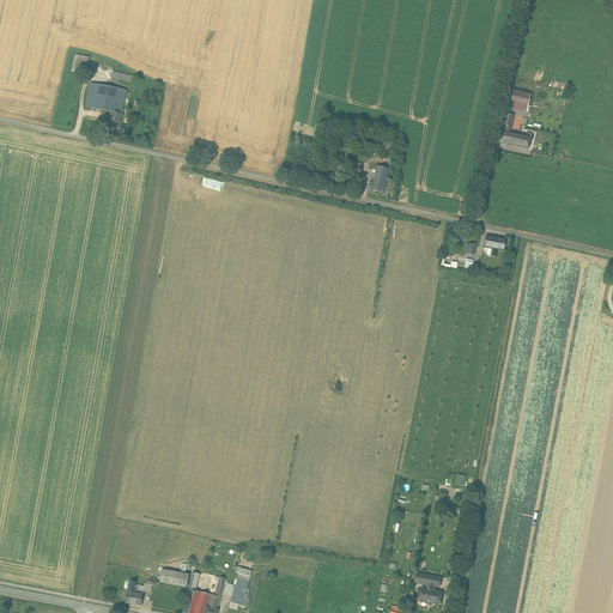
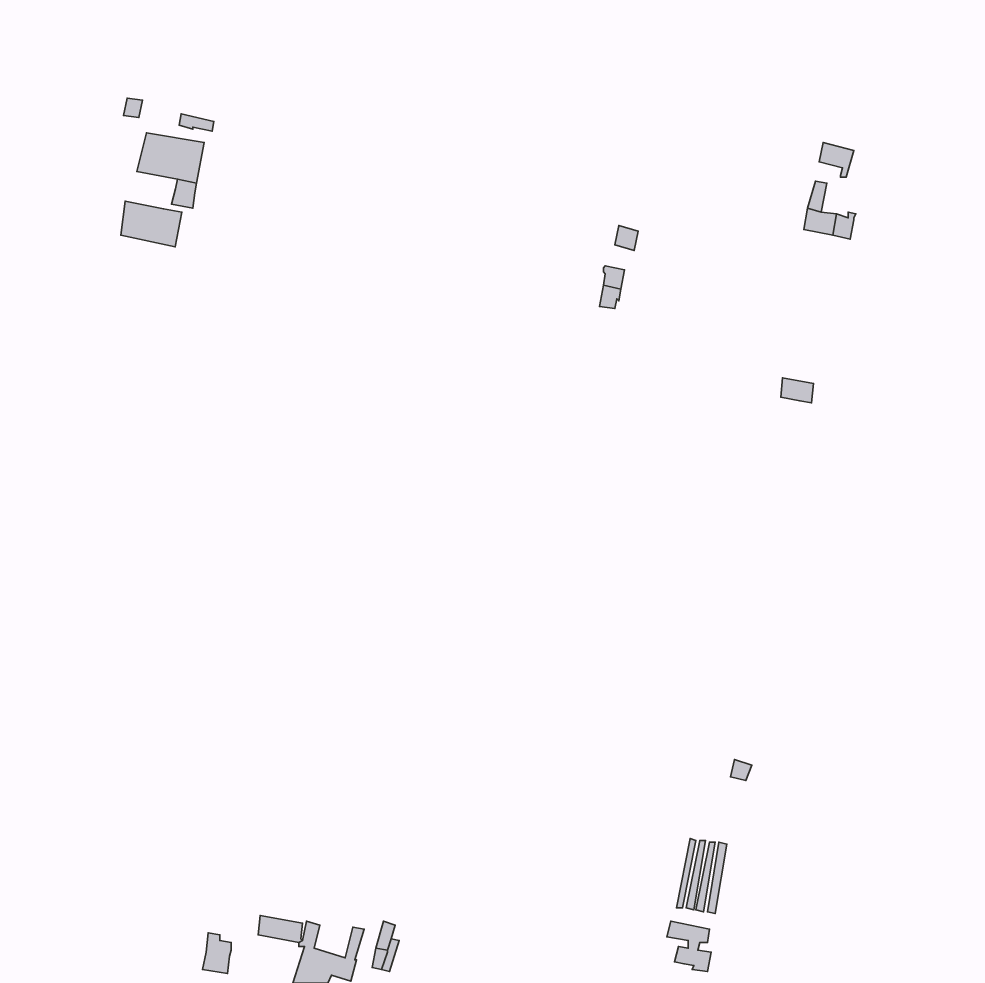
building: none -> [121,201,182,247]

